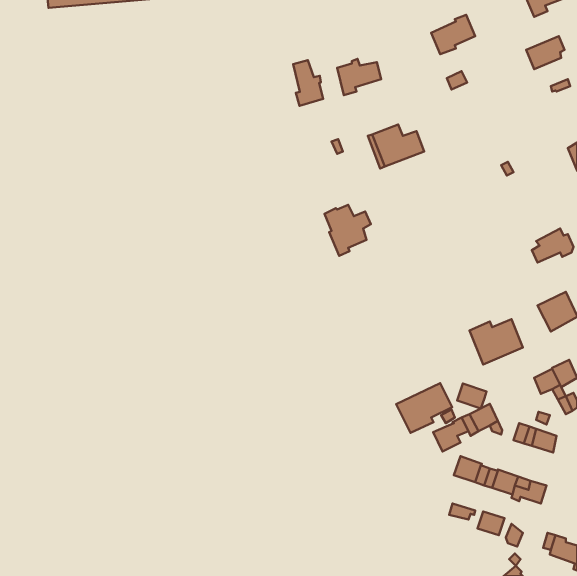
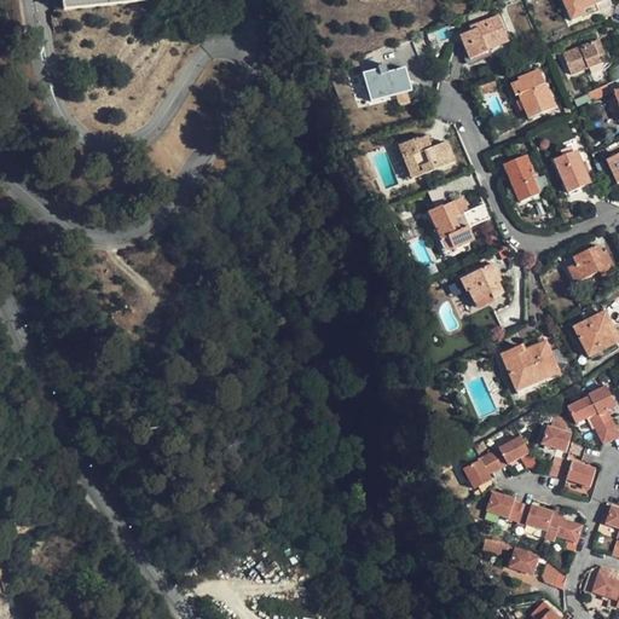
building: [293,60,323,106] -> none
building: none -> [511,69,555,117]
building: none -> [554,150,590,191]
building: none -> [503,155,539,201]
building: [325,205,371,256] -> [427,202,476,256]
building: none -> [459,261,503,306]
building: [396,383,452,433] -> none
building: [457,384,487,408] -> [543,423,574,450]

